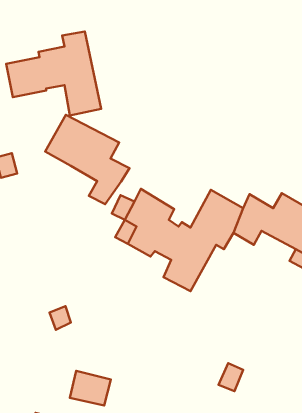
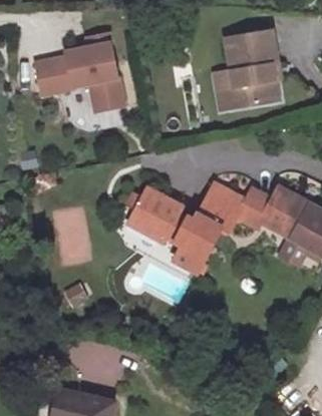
building: none -> [205,33,273,117]
building: [45,115,130,204] -> none

